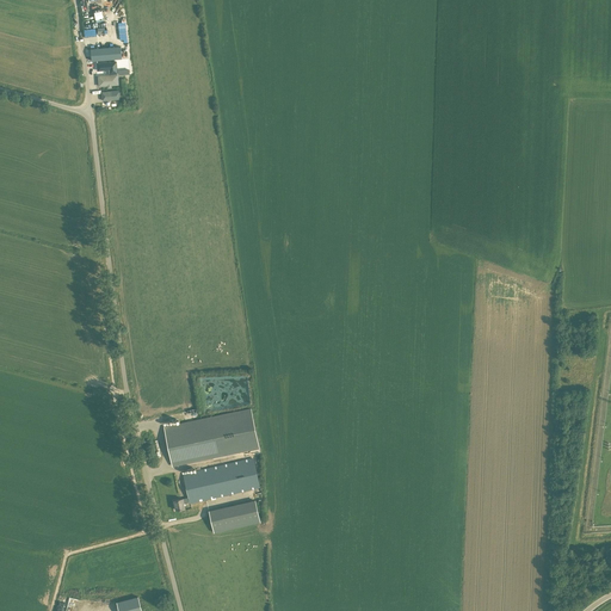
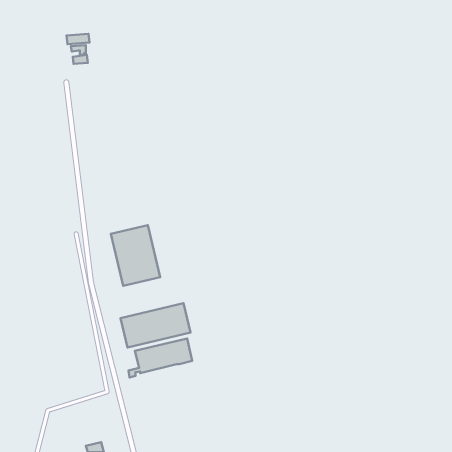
building: none -> [111,225,160,286]
building: [208,500,260,532] -> none

